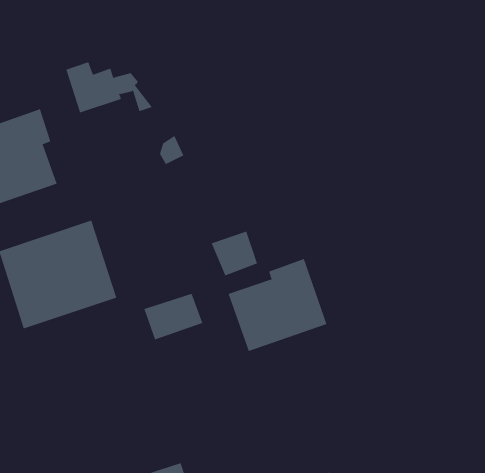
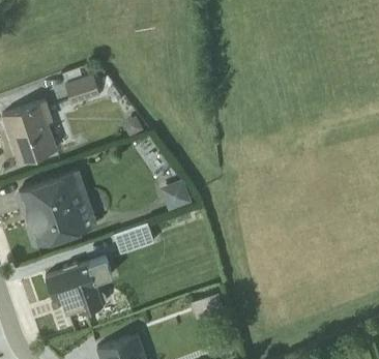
building: [228,258,327,352] -> none
building: none -> [45,257,111,313]

